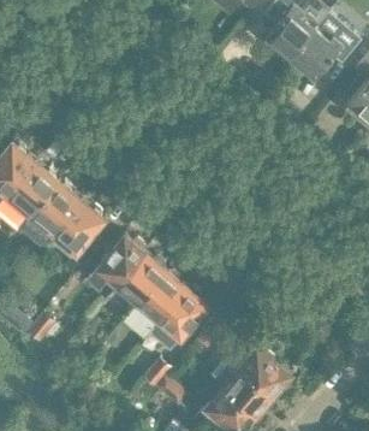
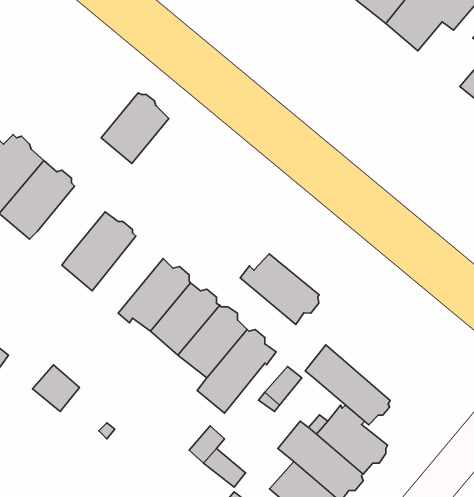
building: [31,182,82,235] -> [101,93,169,164]
building: none -> [240,254,319,324]
building: none -> [305,345,390,425]

